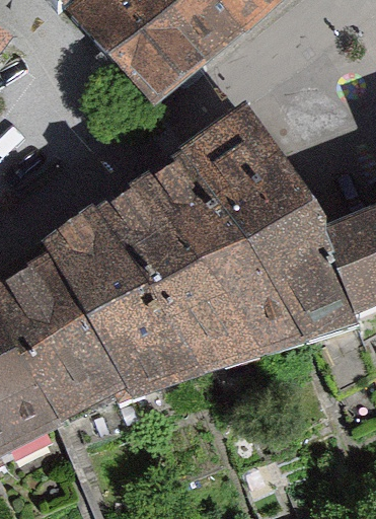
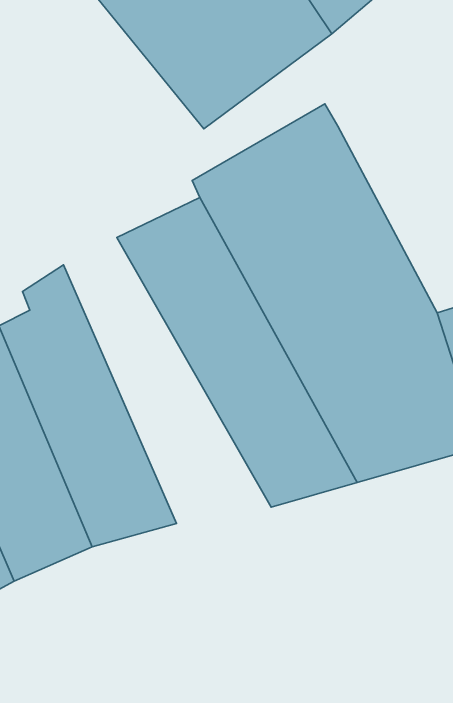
building: [73,192,226,381] -> none

